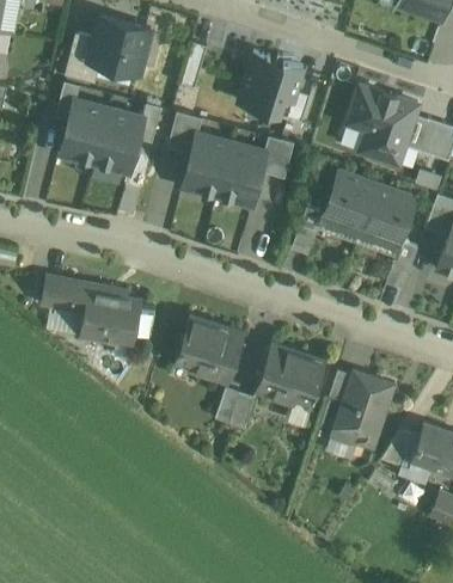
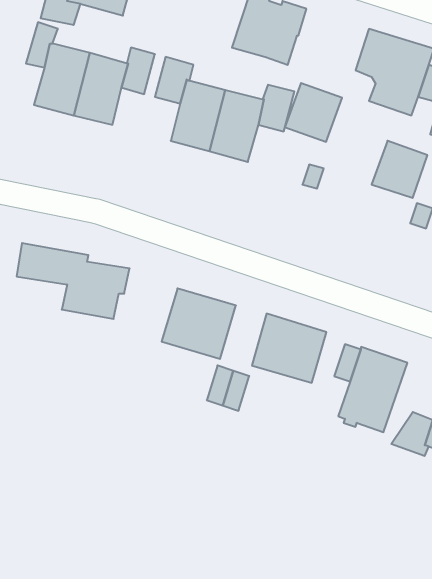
building: [326,173,378,226] -> [285,83,342,142]

